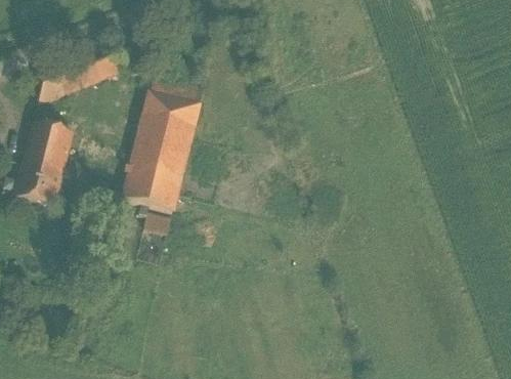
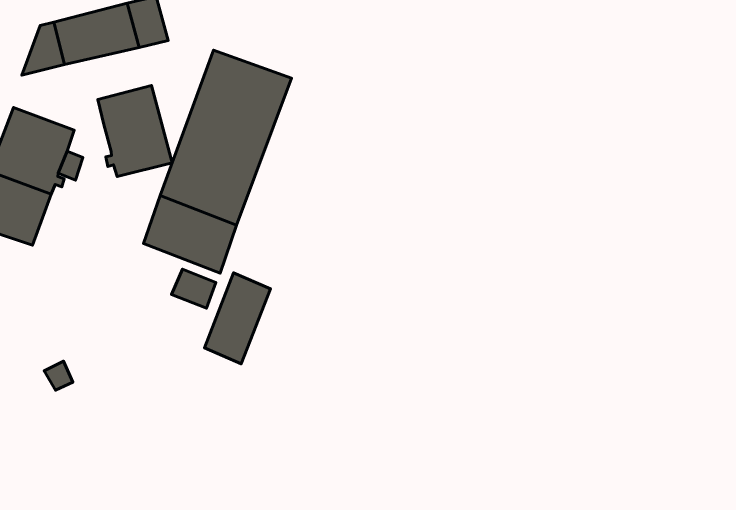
building: none -> [98,86,172,177]
building: none -> [204,273,270,364]

